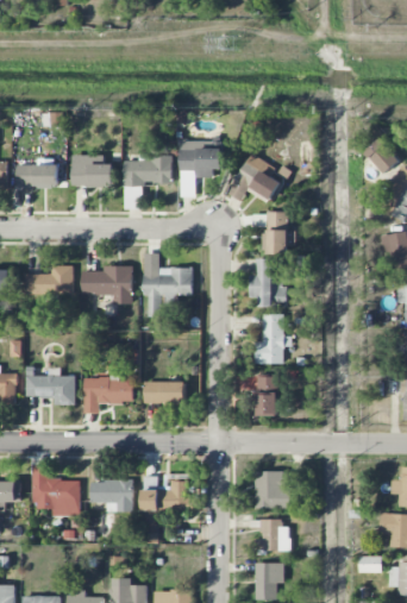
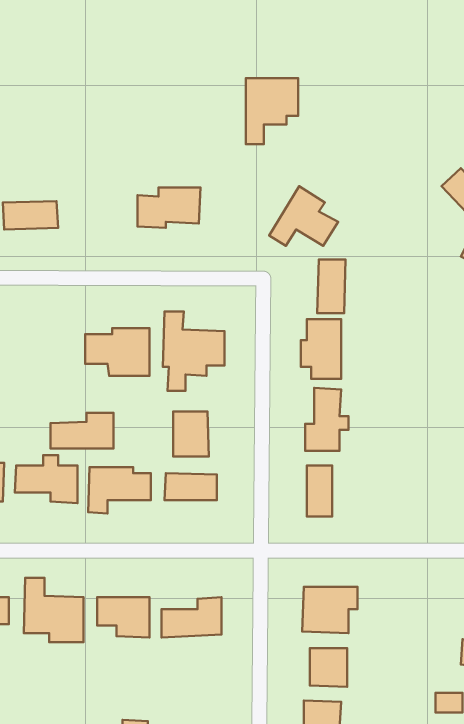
building: [180,140,221,193] -> [246,78,298,144]
building: [71,156,114,187] -> none
building: [23,266,73,295] -> [51,413,114,449]
building: none -> [173,412,209,457]

